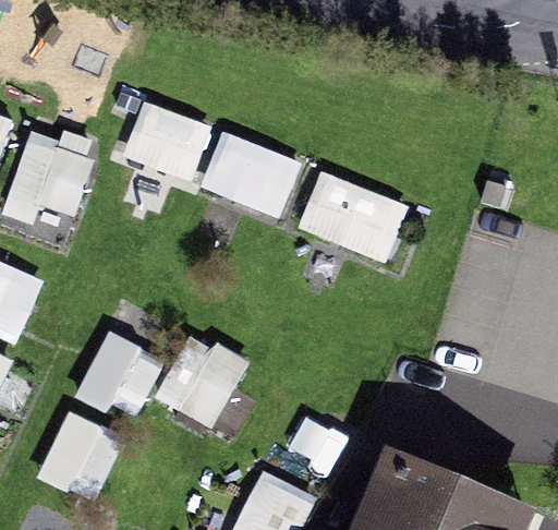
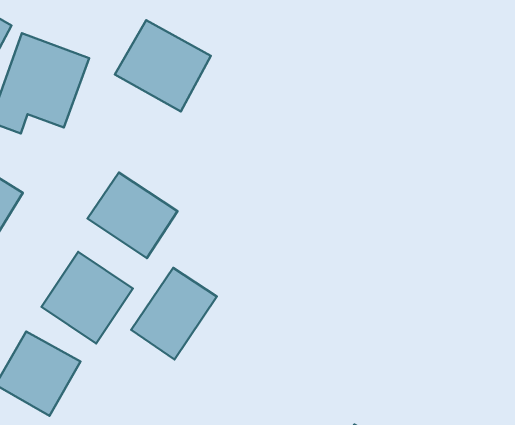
building: [197,131,276,210] -> none
building: [300,177,402,255] -> none
building: none -> [88,172,178,258]

